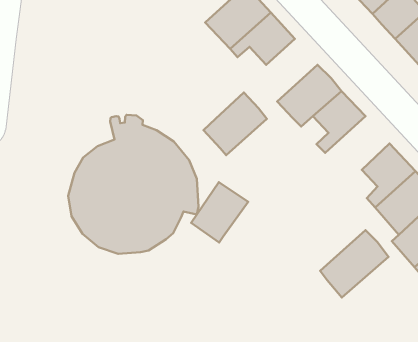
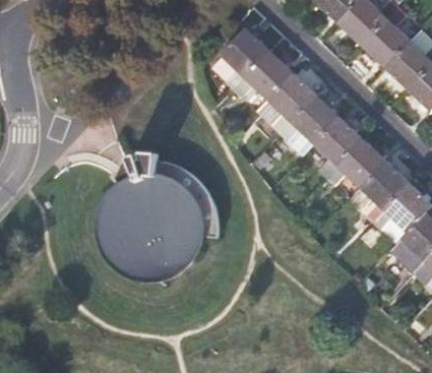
building: [203,93,267,155] -> [257,72,314,130]
building: none -> [326,138,384,187]
building: [191,182,248,243] -> none
building: [320,230,388,298] -> none

